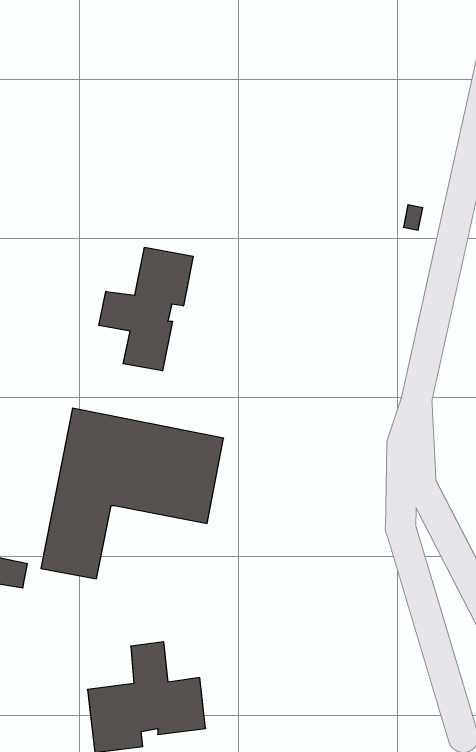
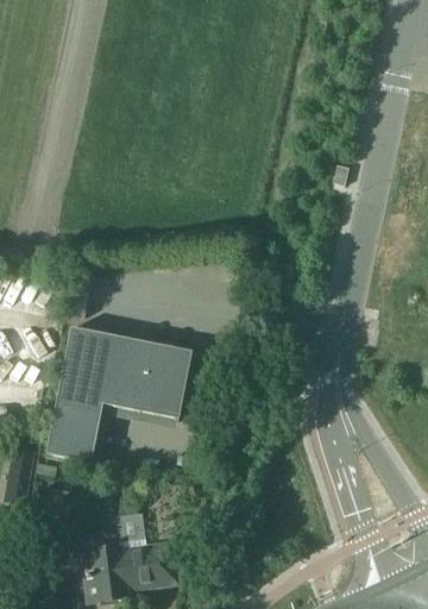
building: [99,247,193,371] -> none

